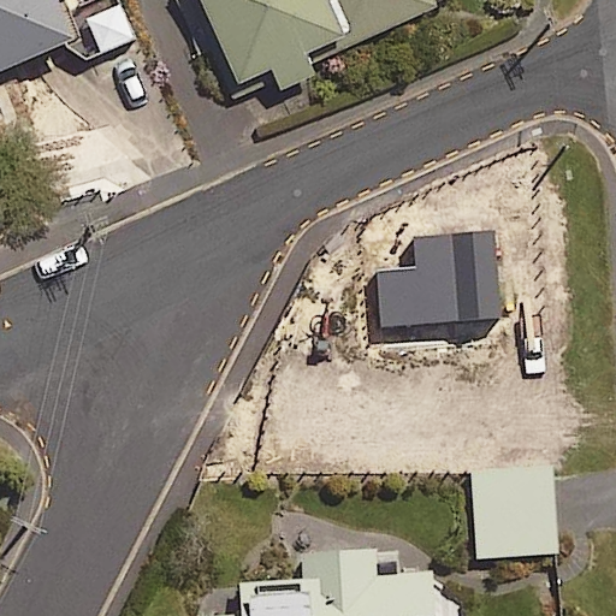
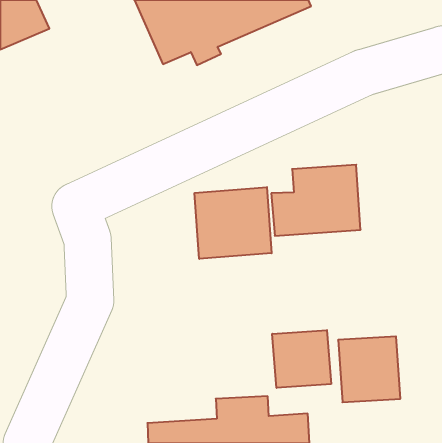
building: none -> [195,187,272,259]
building: none -> [272,330,331,388]

